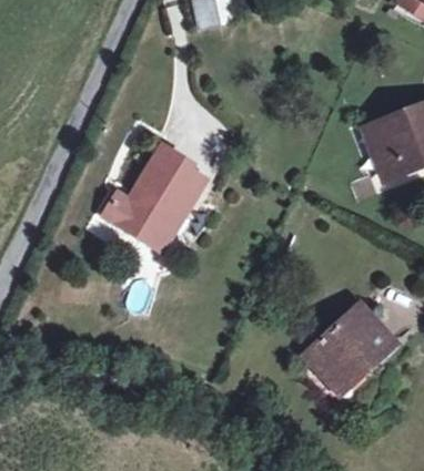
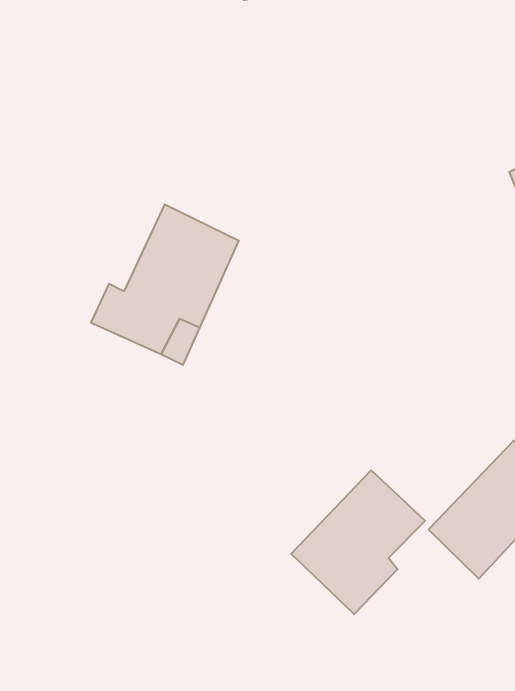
building: none -> [291,470,425,614]

